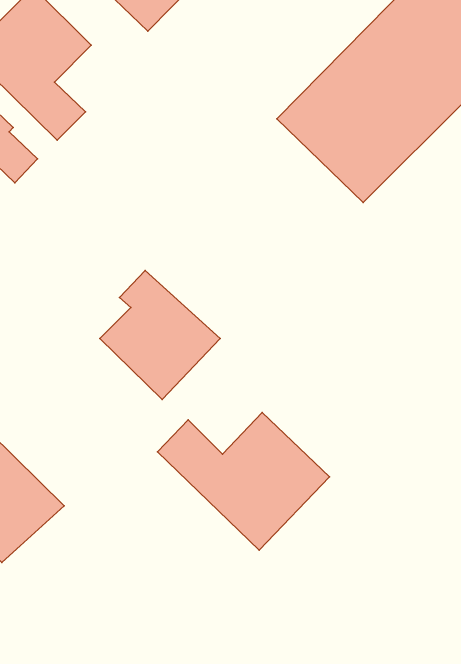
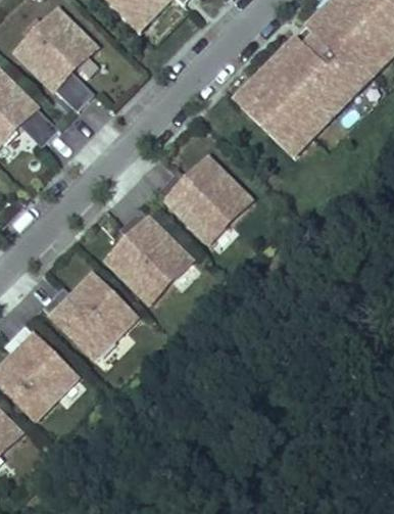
building: none -> [155,155,250,241]
building: none -> [42,270,137,358]
building: [158,413,329,550] -> none

